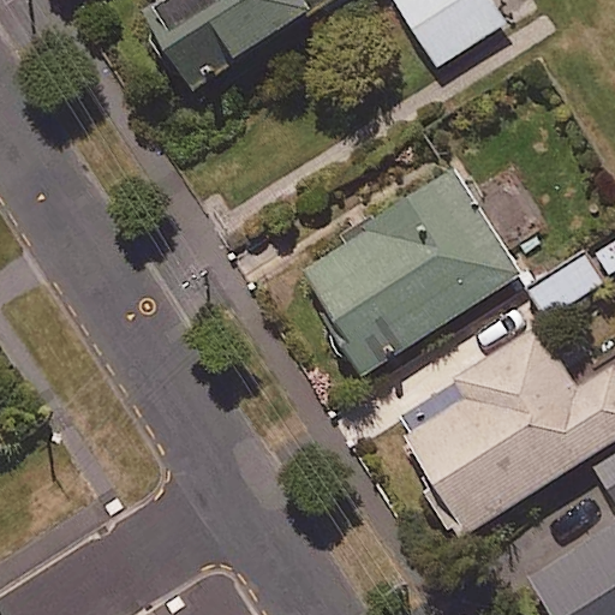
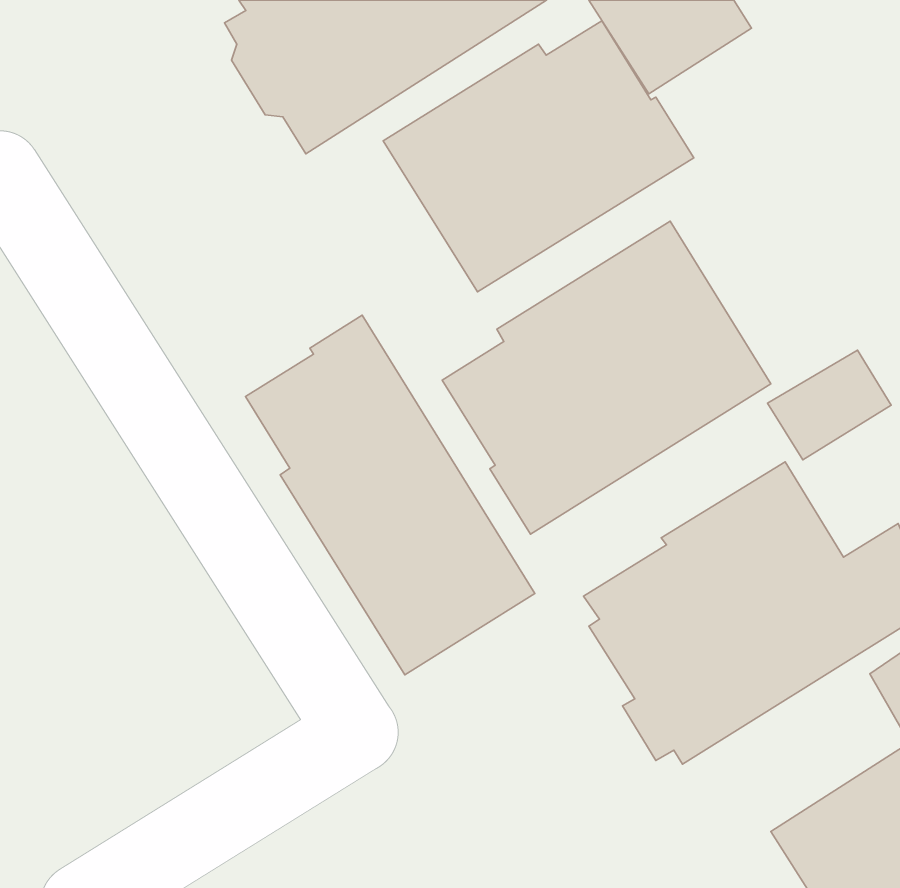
building: none -> [383,21,694,292]
building: none -> [245,315,535,675]

